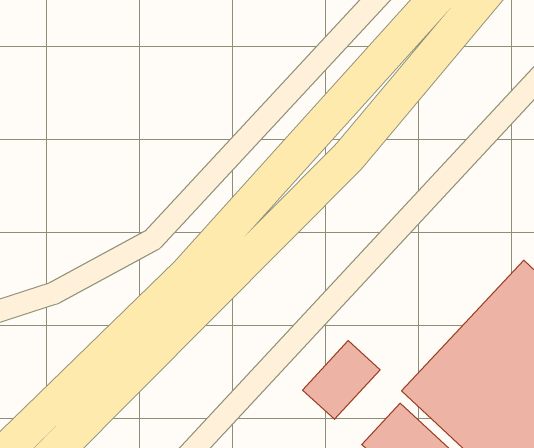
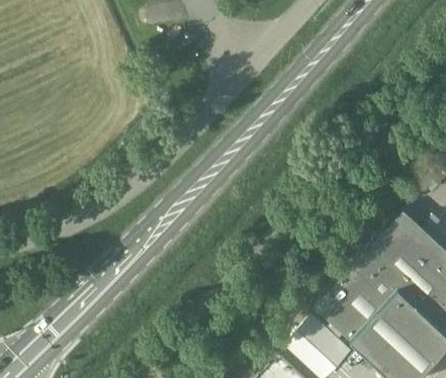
building: [303,341,380,419] -> none

